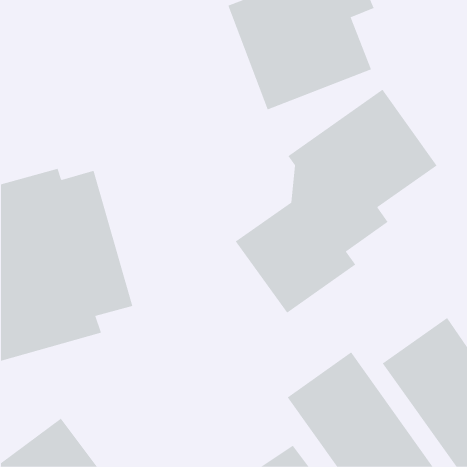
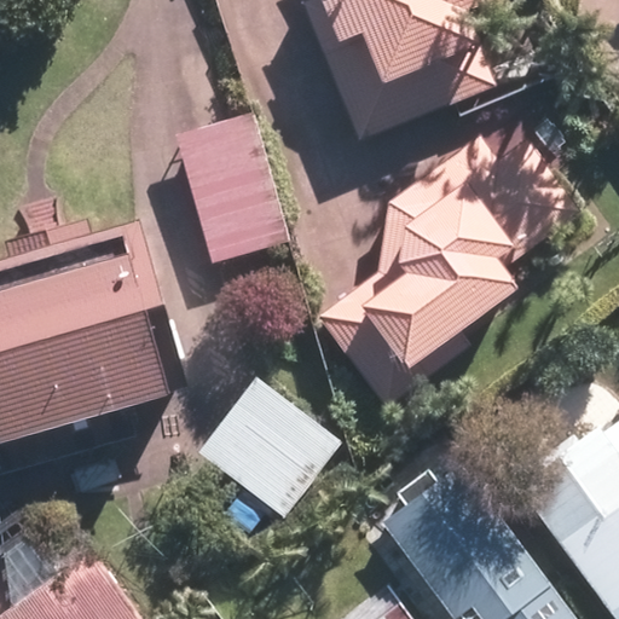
building: none -> [172,112,289,265]
building: none -> [193,376,340,520]

